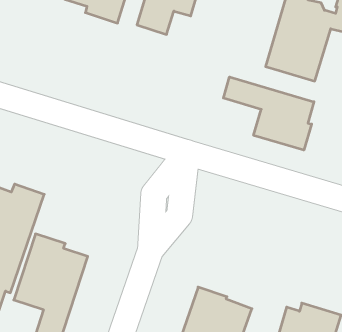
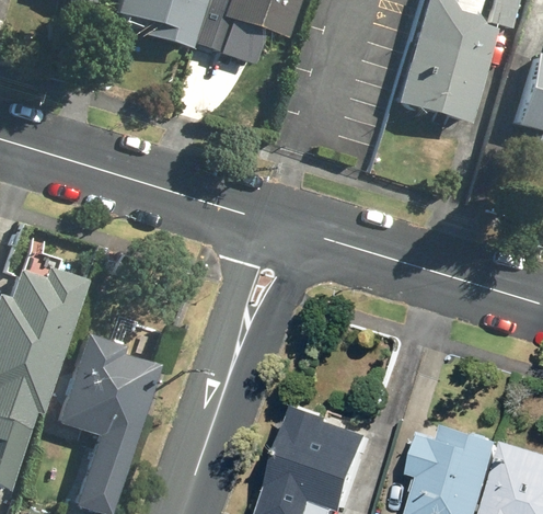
building: [223,77,314,150] -> none

